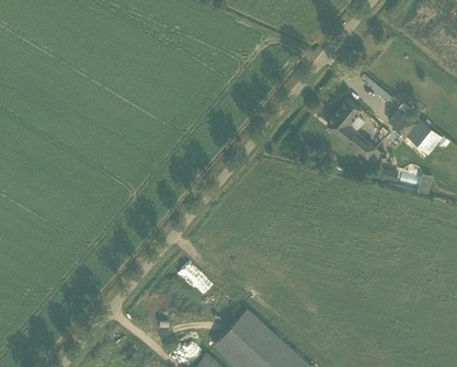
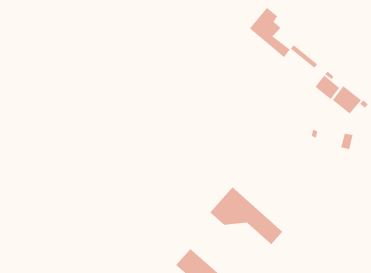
building: [328,100,376,159] -> [249,7,291,58]
building: none -> [209,186,283,245]

